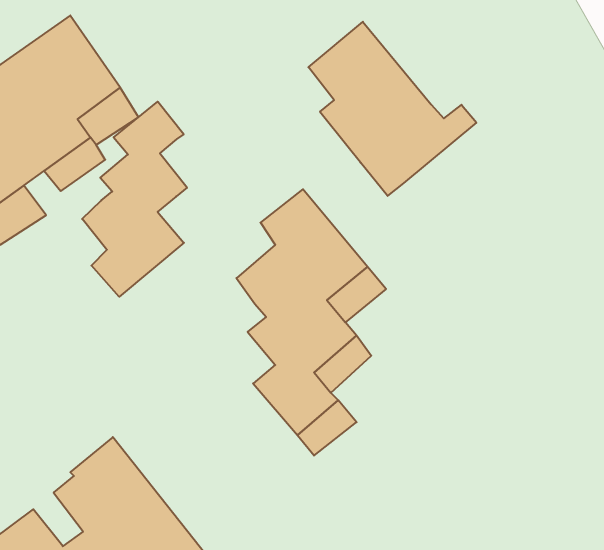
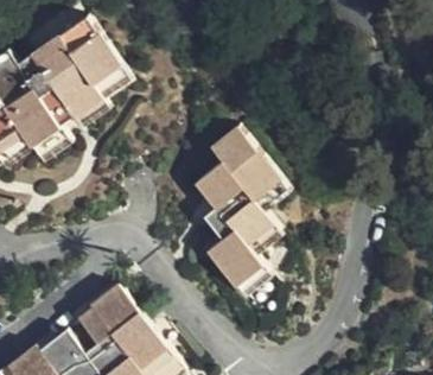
building: [308,22,476,196] -> none
building: [82,102,187,297] -> none

